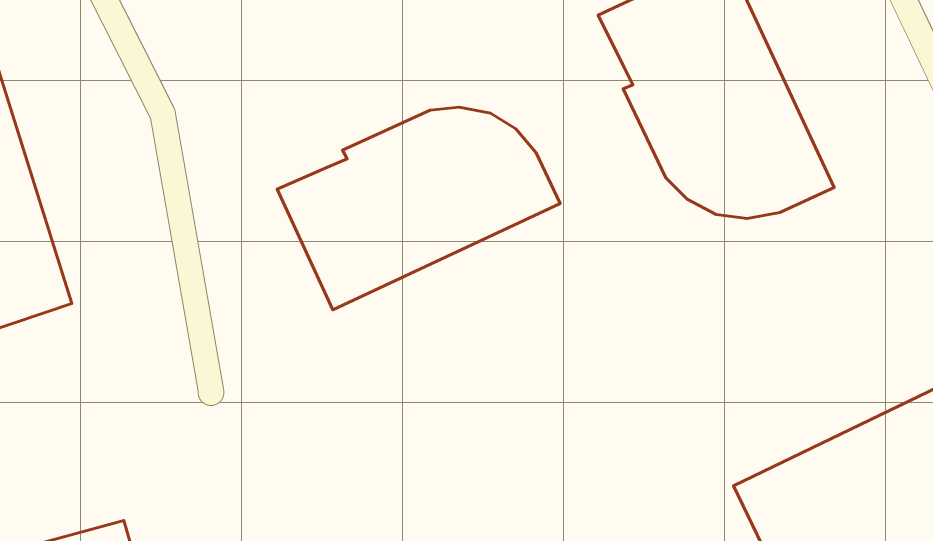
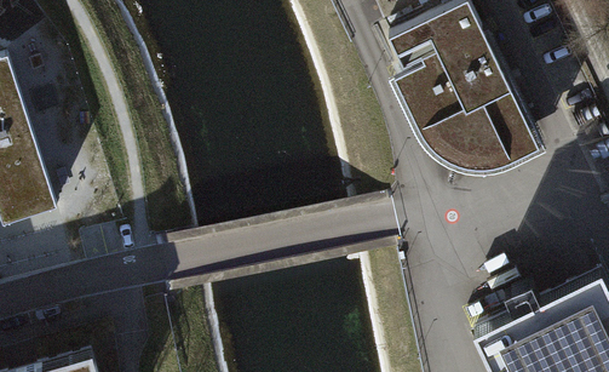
building: [277,107,560,310] -> none

